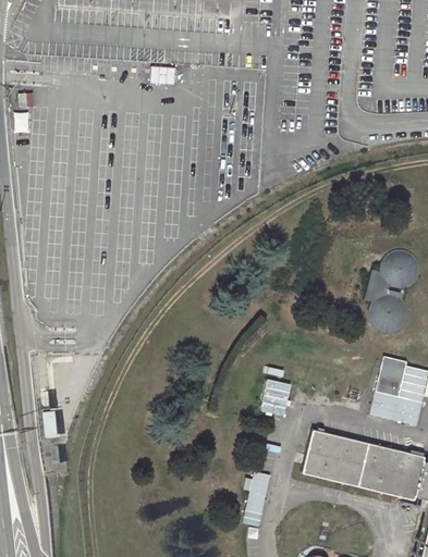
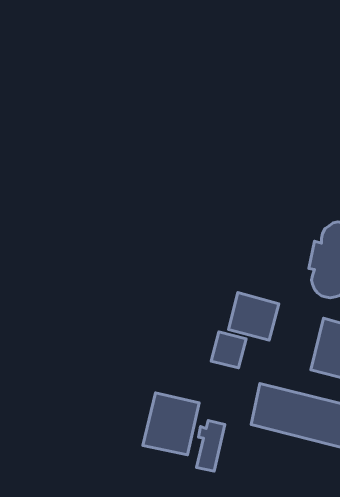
building: none -> [229,293,279,340]
building: none -> [143,393,199,455]

